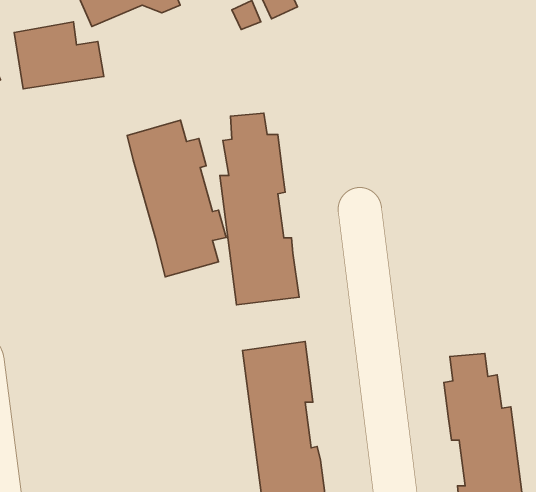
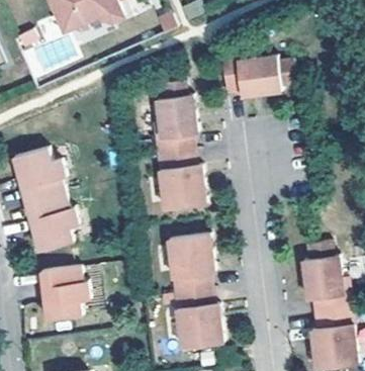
building: none -> [218,55,292,97]
building: [127,120,226,277] -> [15,149,81,253]
building: none -> [42,268,92,320]

